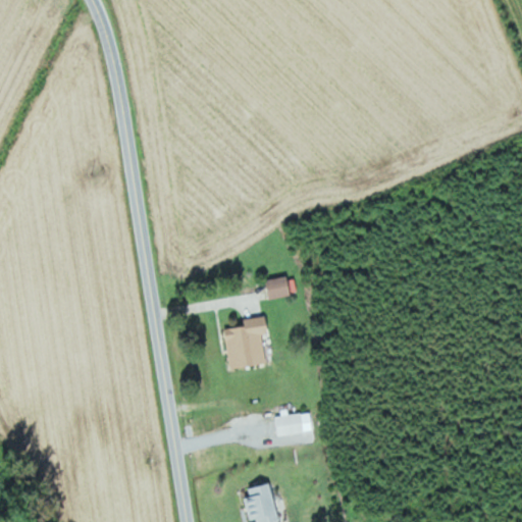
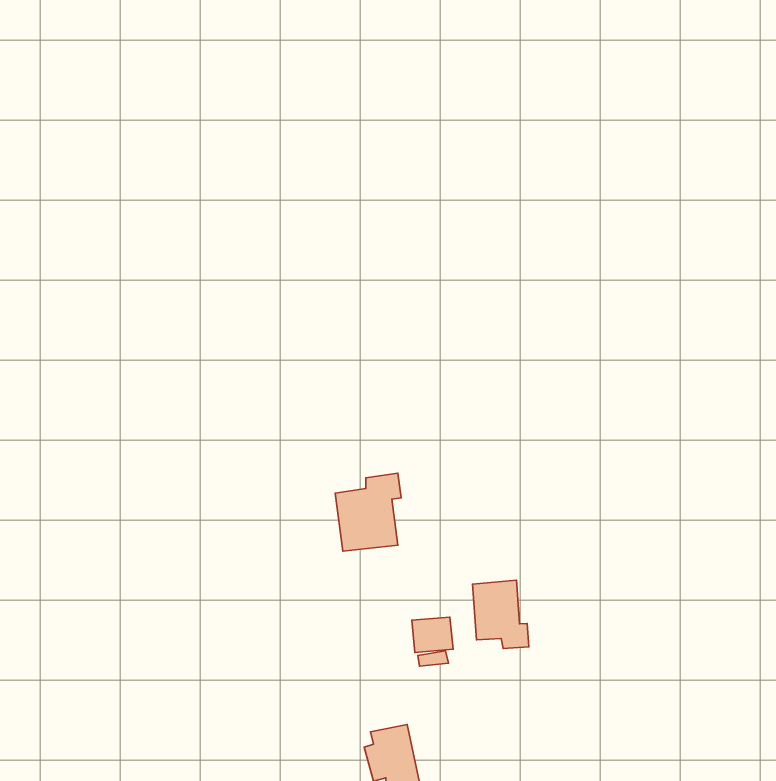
building: [264,275,291,300] -> none
building: none -> [473,580,529,648]

